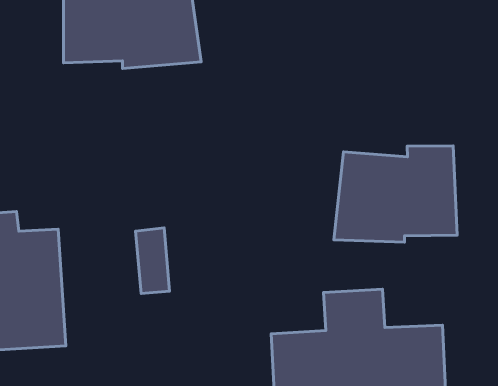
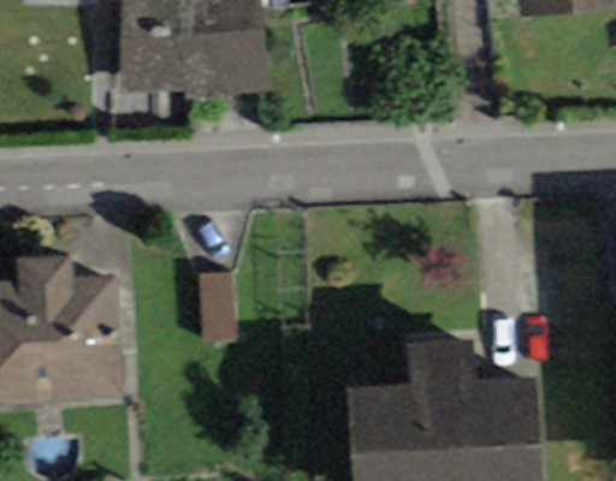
building: [334,146,457,242] -> none

